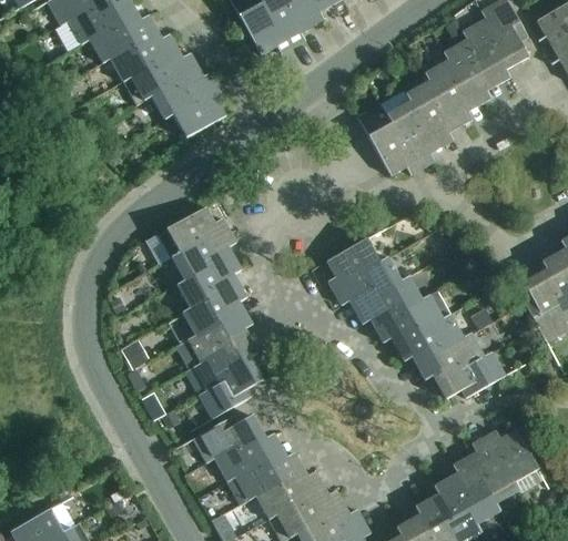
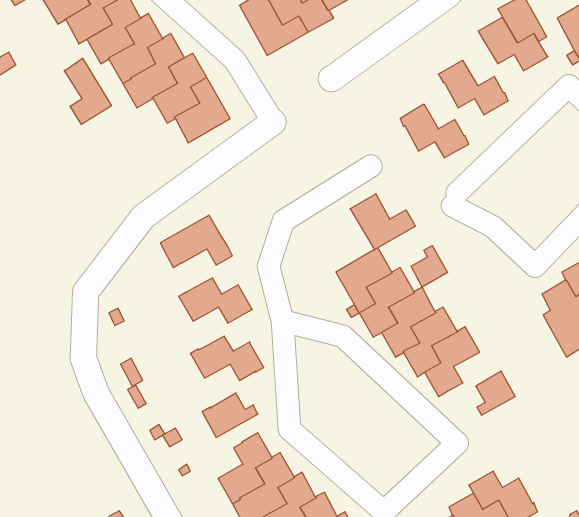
building: [443,39,509,90] -> none
building: none -> [64,58,112,124]
building: [406,80,471,131] -> none
building: [367,121,429,174] -> [350,194,415,250]
building: none -> [411,246,448,287]
building: [171,238,241,282] -> none
building: [182,294,252,336] -> none
building: [432,331,484,398] -> none
building: [185,348,263,394] -> none
building: [192,415,237,461] -> none
building: [476,428,537,481] -> none

